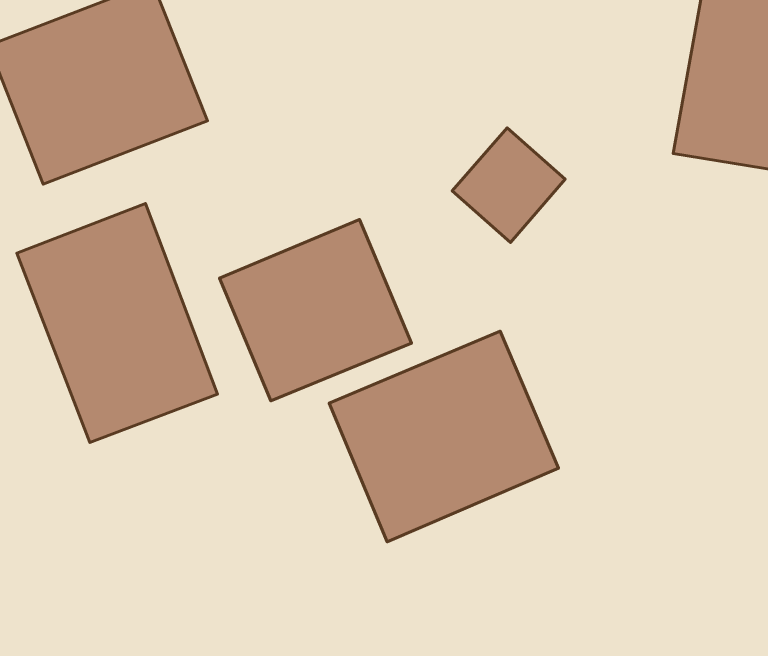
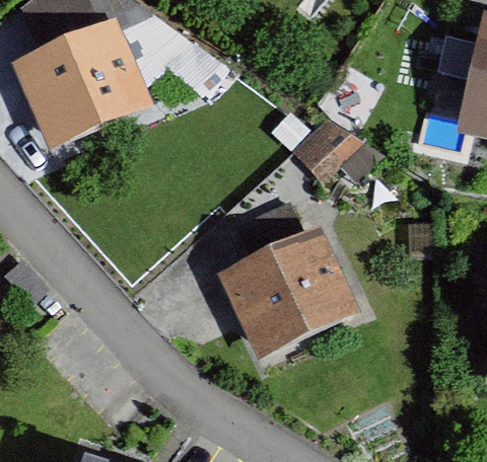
building: [17,203,218,443] -> none
building: [220,219,412,401] -> none

